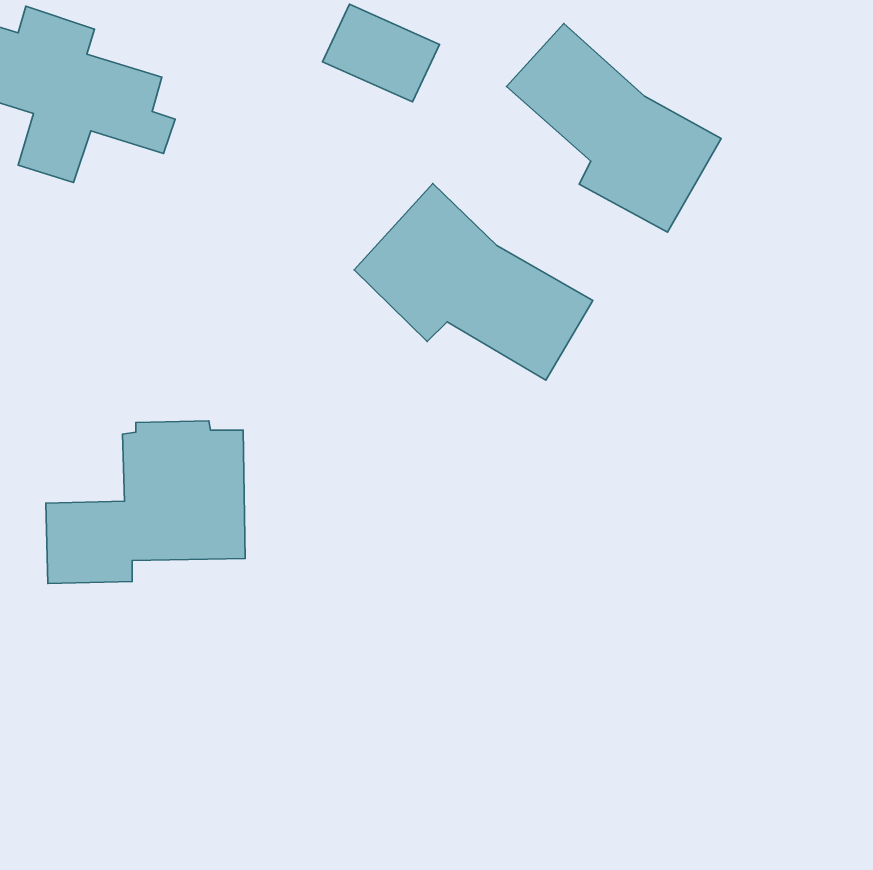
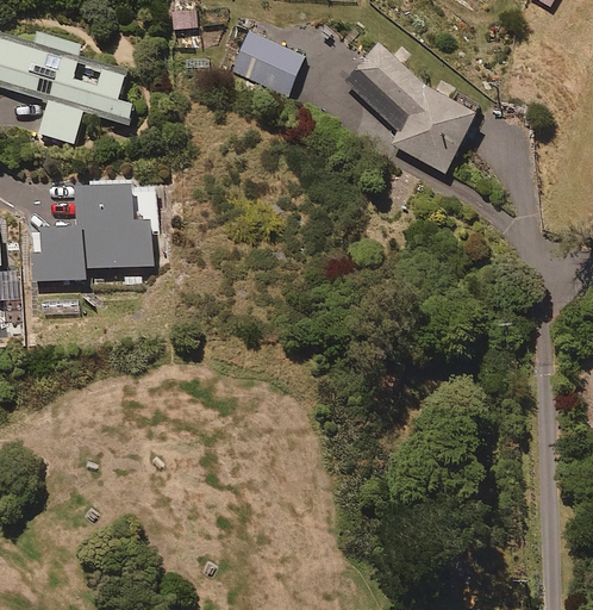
building: [354,184,593,380] -> none
building: [46,421,245,584] -> [33,179,157,280]

